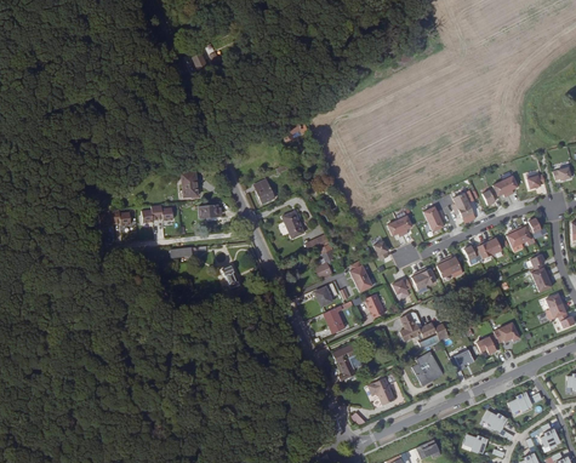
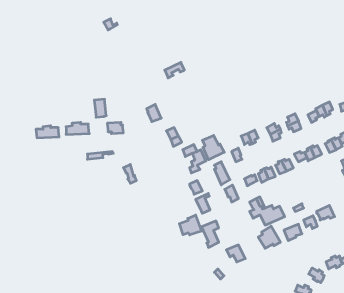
building: none -> [202,135,224,160]
building: none -> [179,215,202,235]

